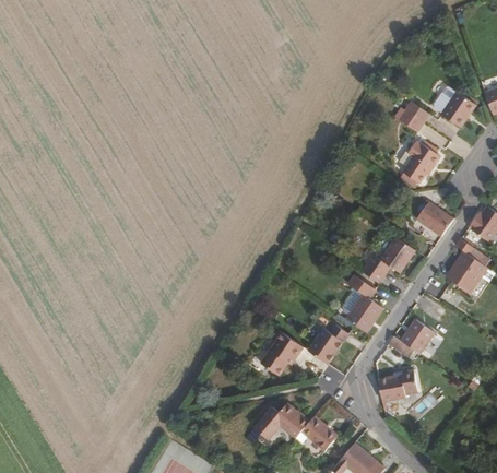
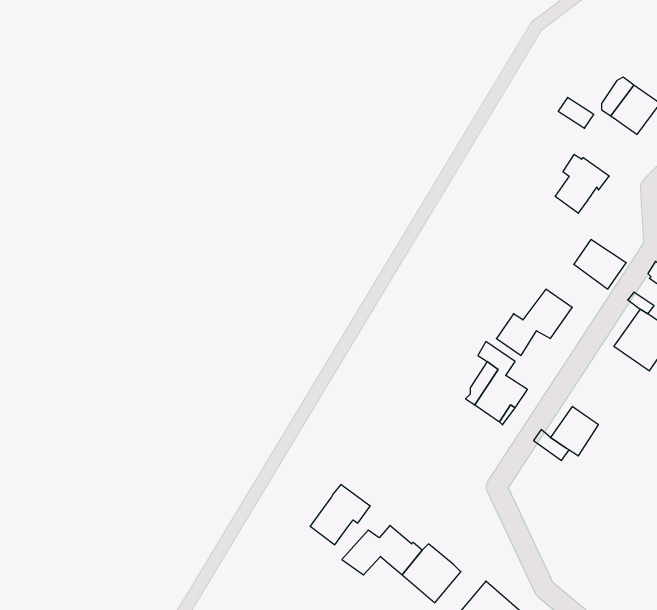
building: [306,320,347,365] -> none
building: [259,332,301,375] -> [310,484,370,545]
building: [378,371,417,403] -> none

